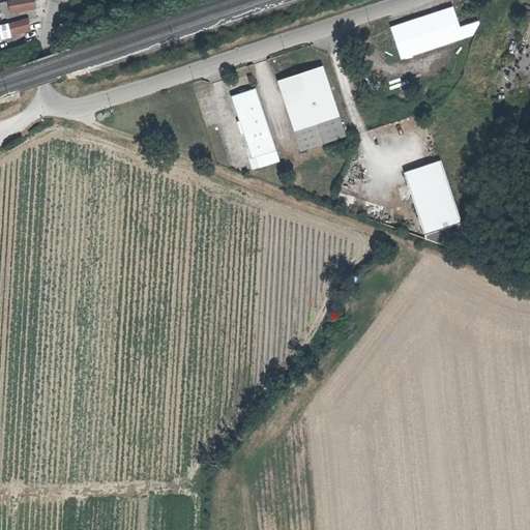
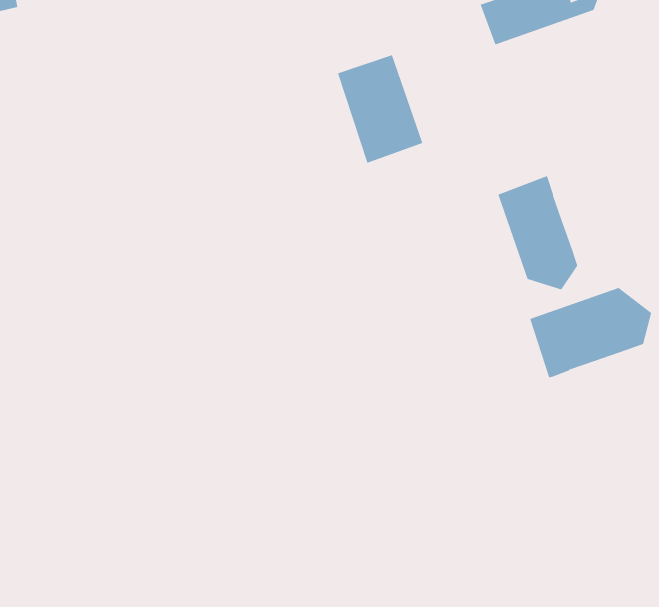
building: [231,89,275,157] -> none
building: none -> [530,287,652,378]

